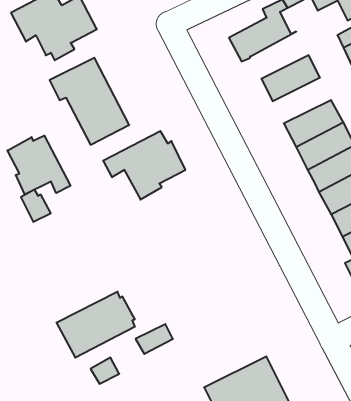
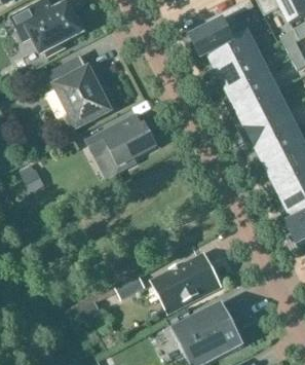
building: none -> [207,32,256,71]
building: none -> [226,70,274,108]
building: [7,136,70,195] -> none
building: [56,292,135,358] -> [152,255,217,309]

